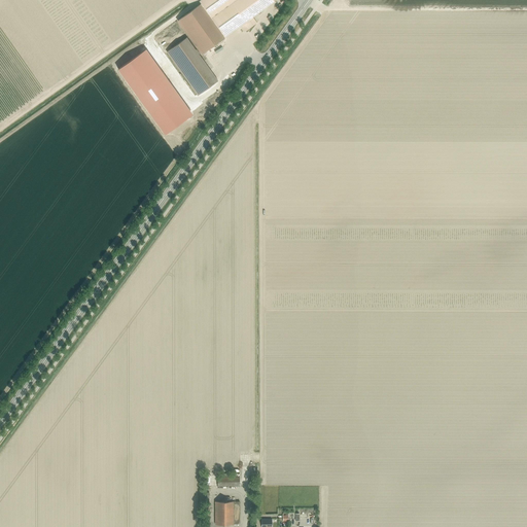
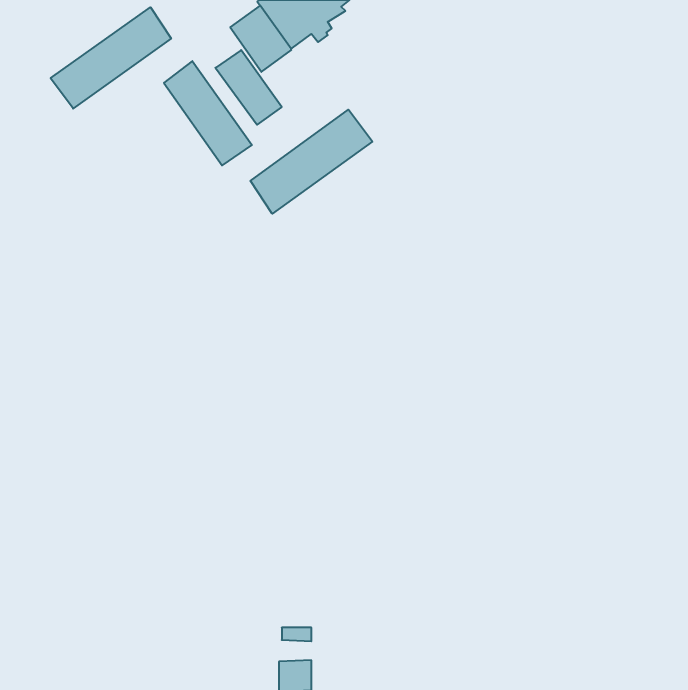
building: none -> [51,7,171,109]
building: none -> [250,110,372,214]

